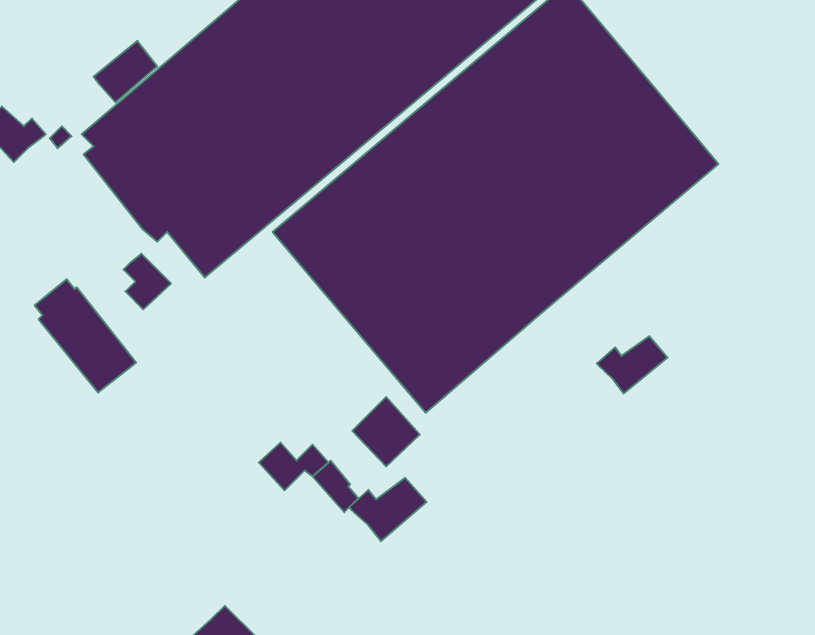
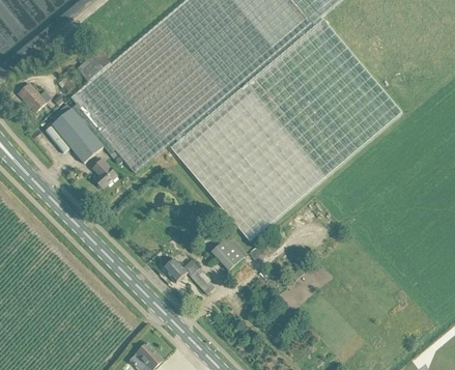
building: [35,279,136,393] -> [51,103,104,162]
building: [597,336,668,394] -> none
building: [349,478,427,541] -> none

